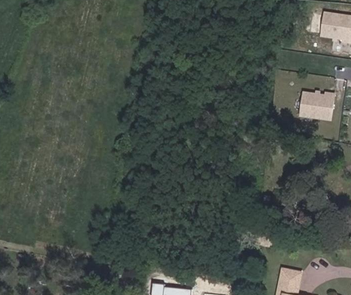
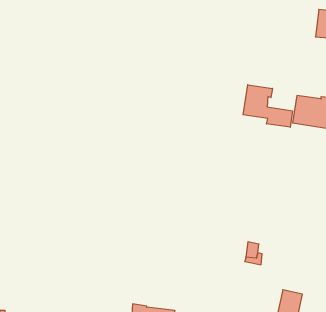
building: none -> [243,85,293,127]

